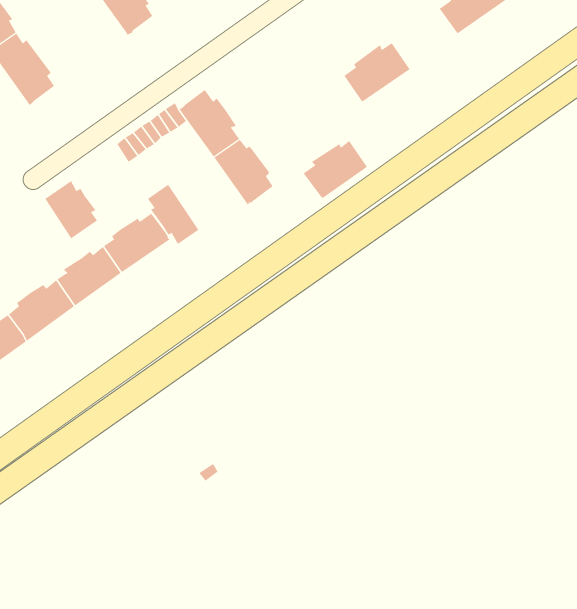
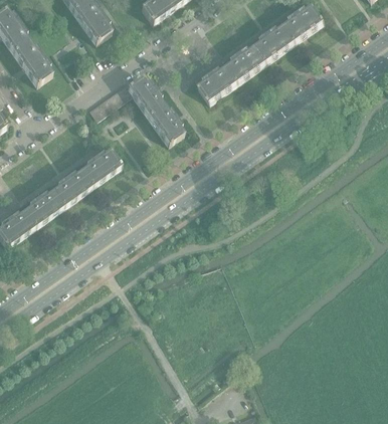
building: none -> [254,24,294,60]
building: [303,140,368,200] -> [197,64,236,100]
building: [45,180,98,239] -> none
building: [147,184,199,245] -> none

